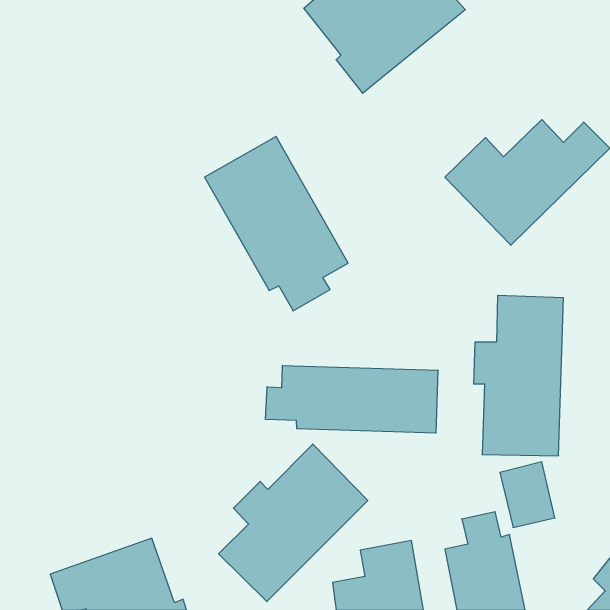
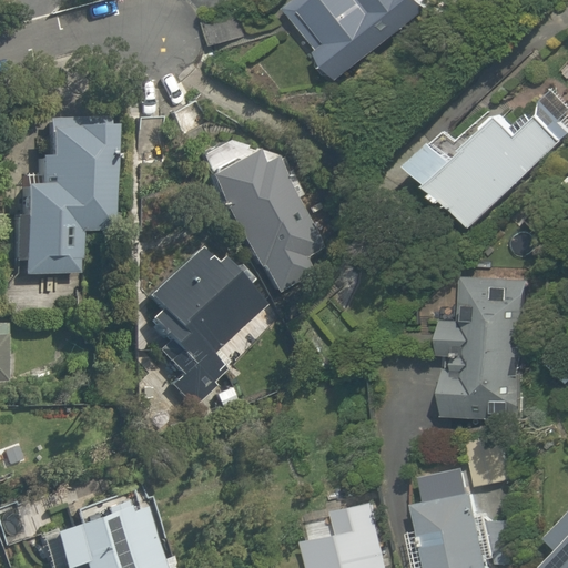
building: none -> [18,118,111,274]
building: none -> [139,239,262,408]
building: [266,365,438,433] -> none
building: [219,444,368,602] -> none

